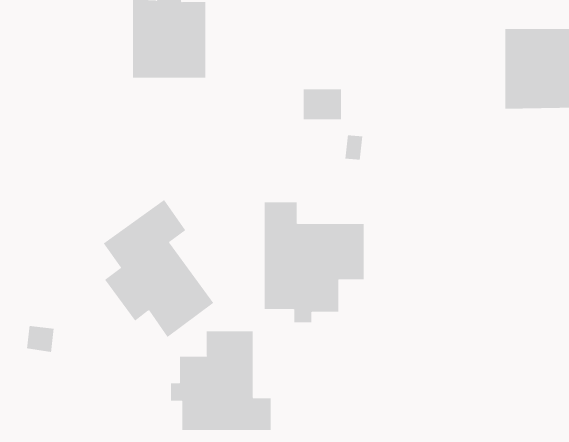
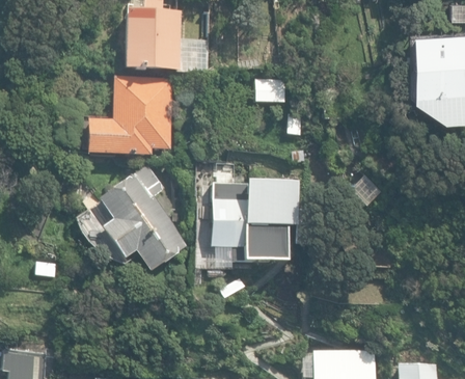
building: none -> [84,77,171,156]
building: [171,331,271,431] -> none

